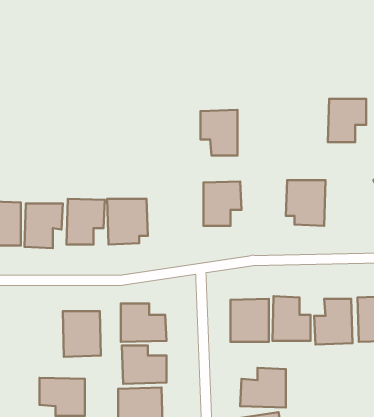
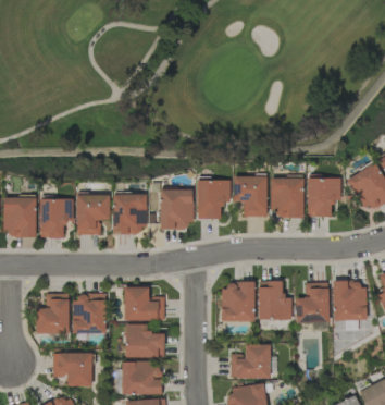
building: [328,99,366,142] -> [307,179,340,217]
building: [200,110,237,155] -> [234,176,266,217]
building: none -> [160,189,194,229]
building: none -> [36,294,69,334]

